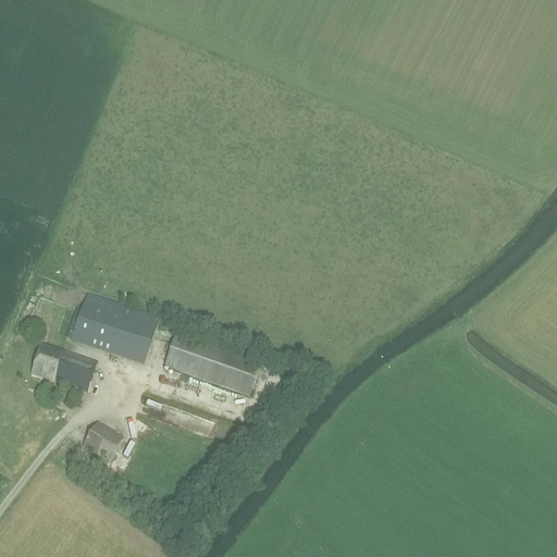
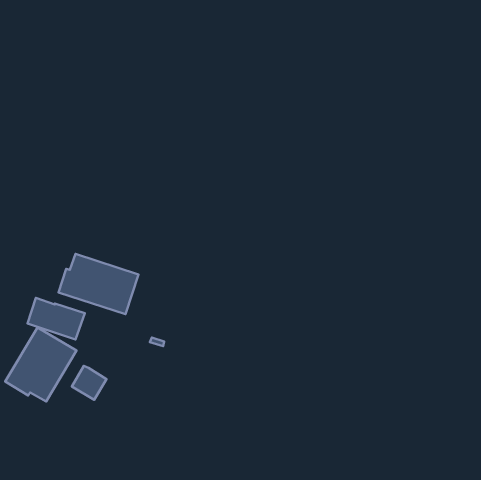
building: [164,334,260,396] -> none
building: none -> [5,328,76,402]

